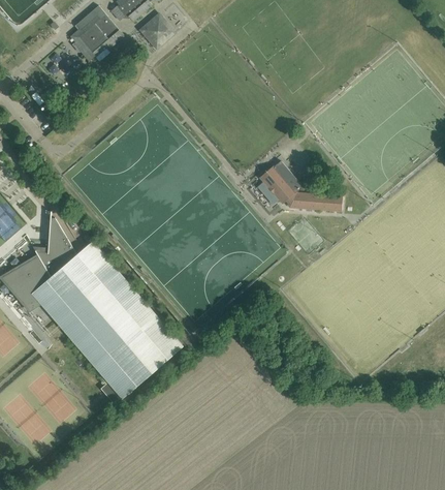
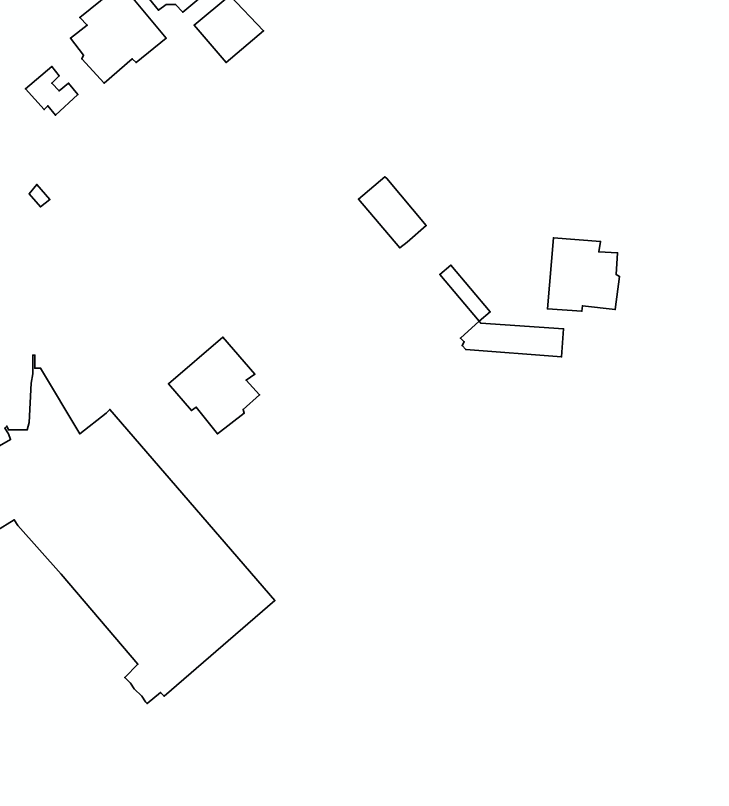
building: none -> [548,238,620,311]
building: [257,165,294,205] -> [359,177,426,248]
building: none -> [168,337,259,434]

